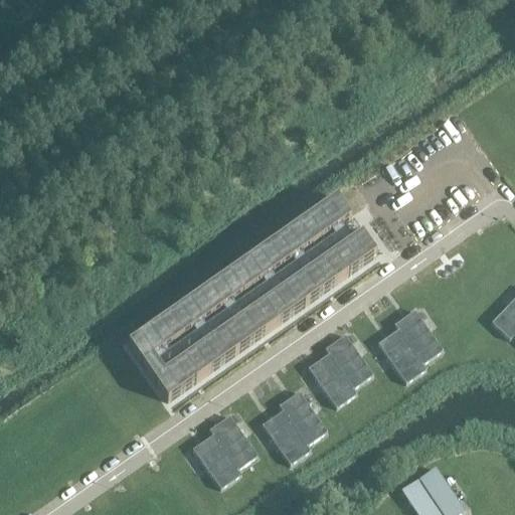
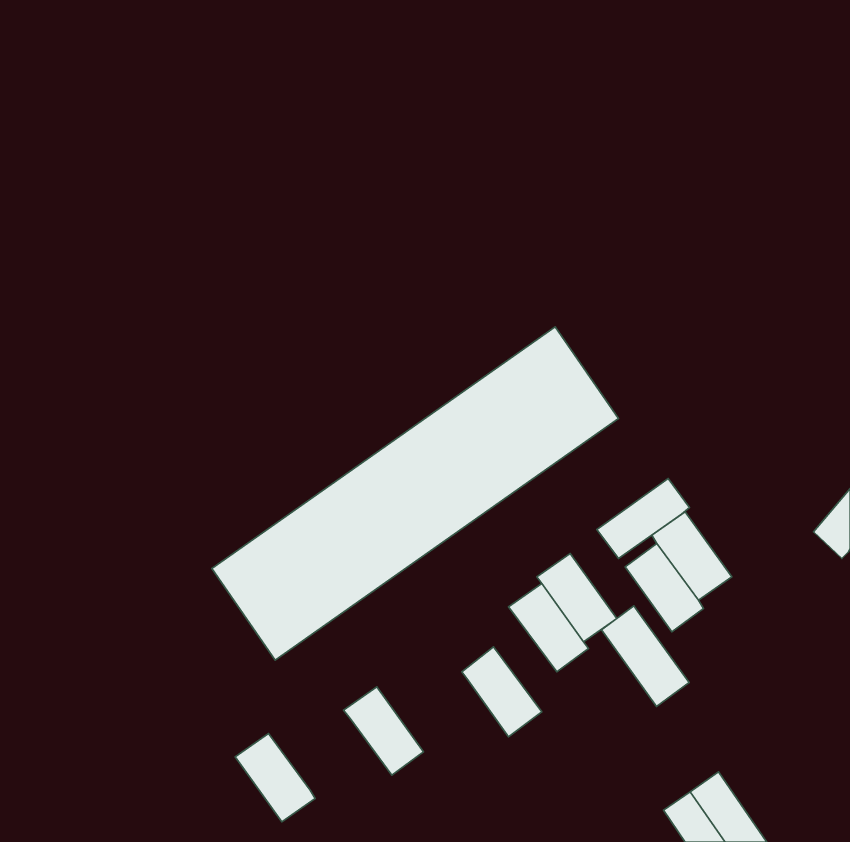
building: none -> [597,478,690,559]
building: none -> [602,606,689,707]
building: [262,409,310,463] -> none
building: [191,434,239,487] -> [235,733,315,822]

